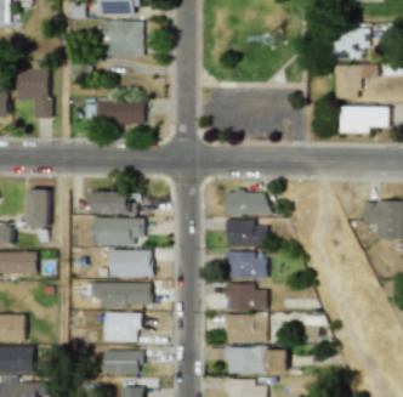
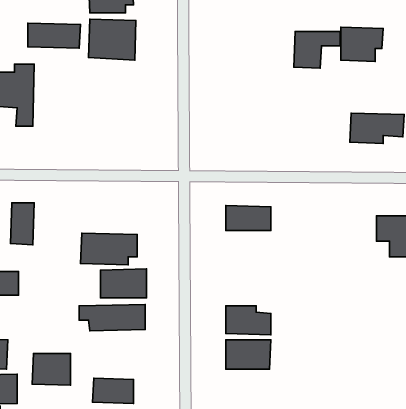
building: [335,64,378,98] -> [294,31,340,68]
building: [97,98,146,121] -> [28,23,81,48]
building: [89,191,137,212] -> none
building: [226,219,267,246] -> none
building: [225,251,267,278] -> none
building: [104,312,140,341] -> [32,354,71,385]
building: [226,347,286,372] -> none

